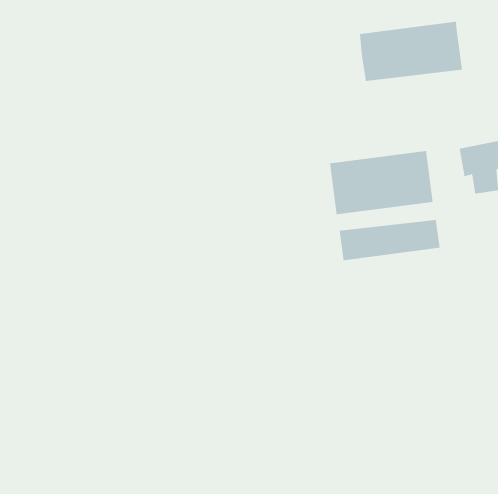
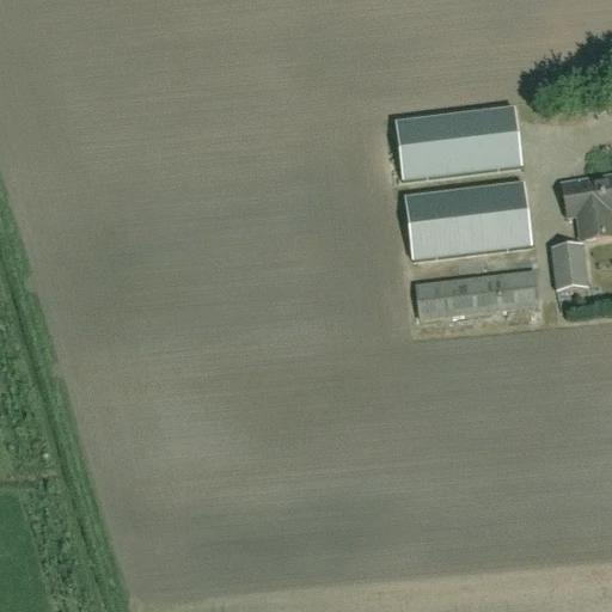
building: [359,21,463,82] -> [396,105,522,179]
building: none -> [551,243,589,290]

